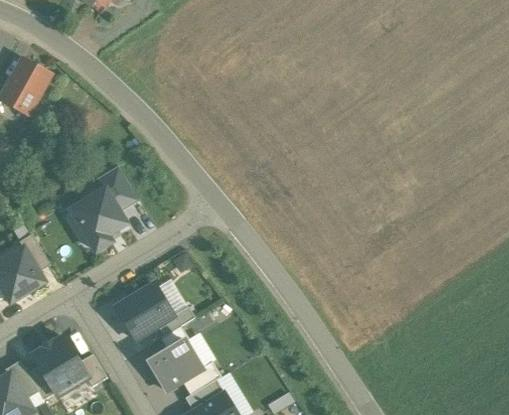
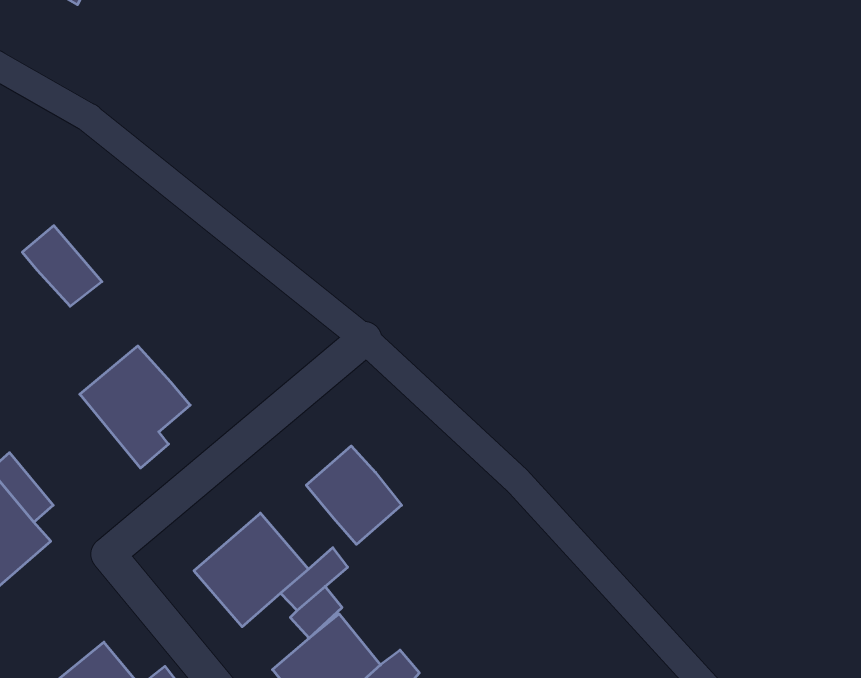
building: [98,168,136,210] -> [22,226,102,306]
building: none -> [306,446,402,544]

